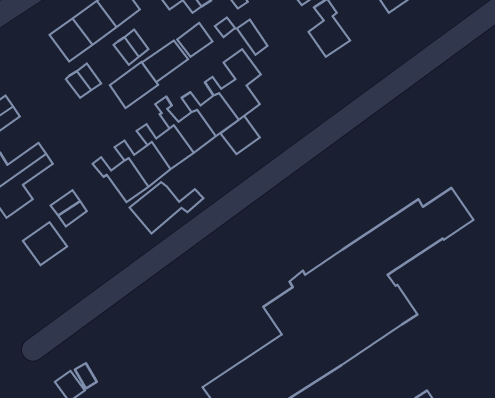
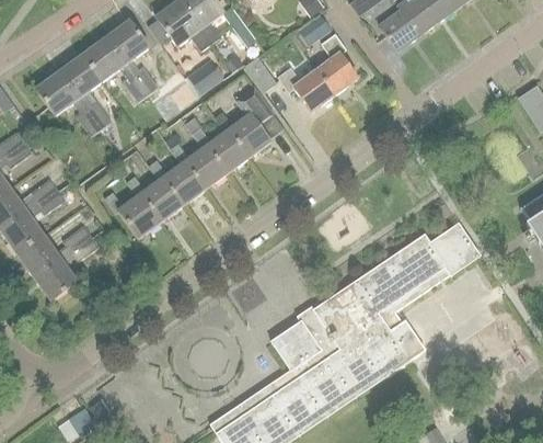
building: none -> [279,67,335,111]
building: none -> [37,71,80,115]
building: [110,62,158,108] -> none
building: [220,116,260,154] -> none
building: [130,182,203,233] -> none
building: none -> [18,235,60,276]

